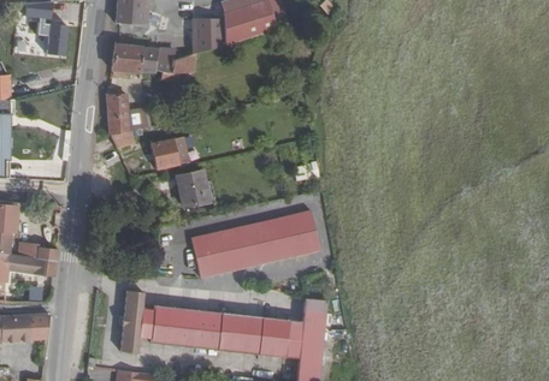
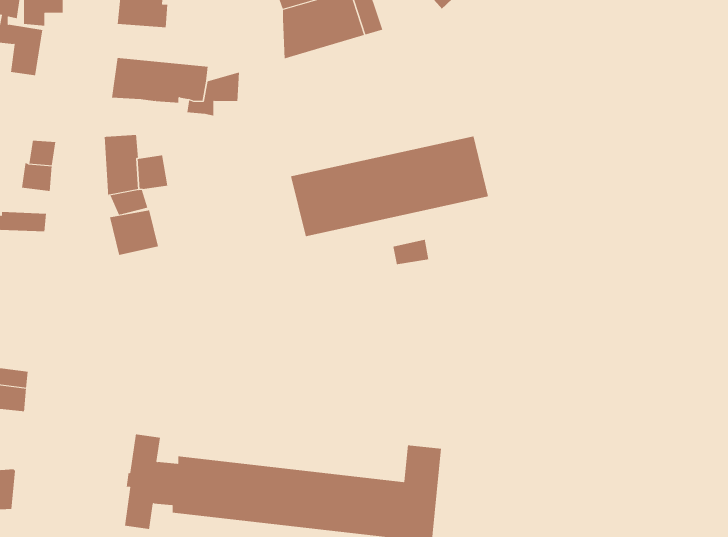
building: [194,19,224,54] -> none
building: [148,139,181,169] -> [109,210,159,256]
building: [176,171,209,207] -> none
building: [190,212,320,278] -> [290,136,489,237]

